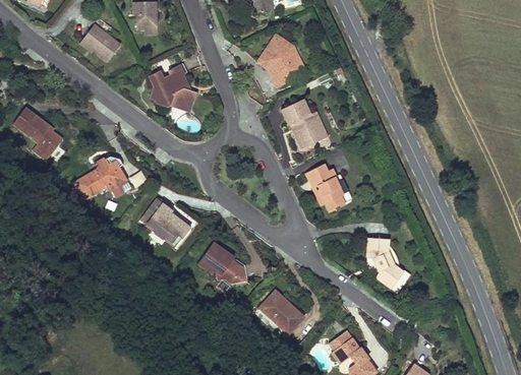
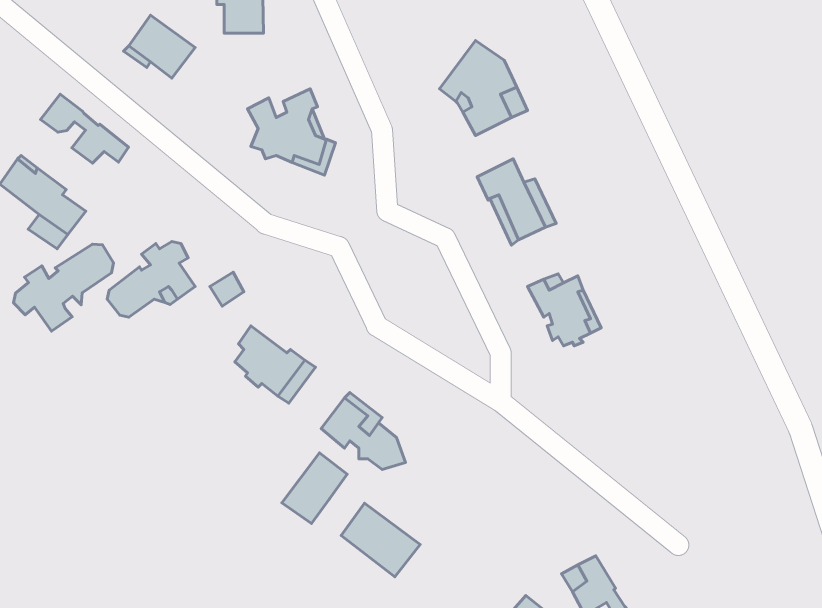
building: none -> [40,94,129,163]
building: none -> [14,244,114,331]
building: [369,239,403,291] -> none
building: none -> [282,453,347,524]
building: [259,289,304,330] -> [341,503,420,577]

